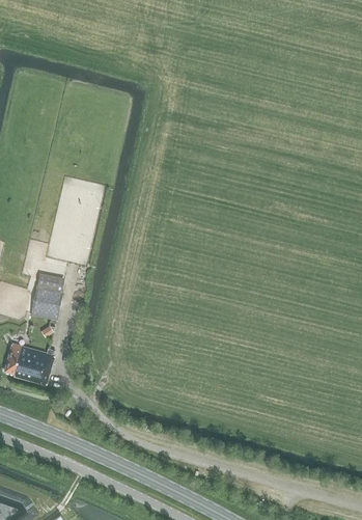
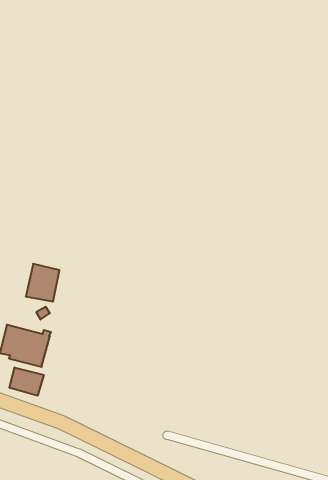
building: none -> [10,367,44,396]

